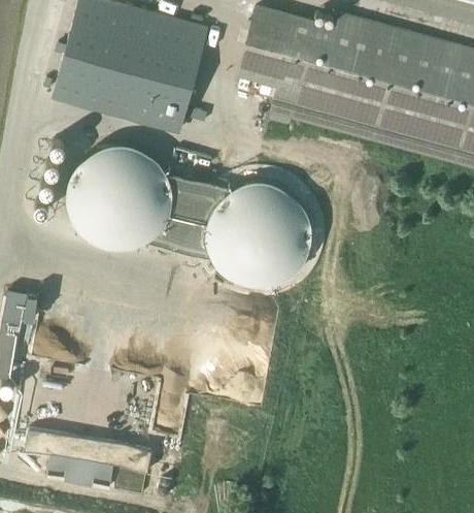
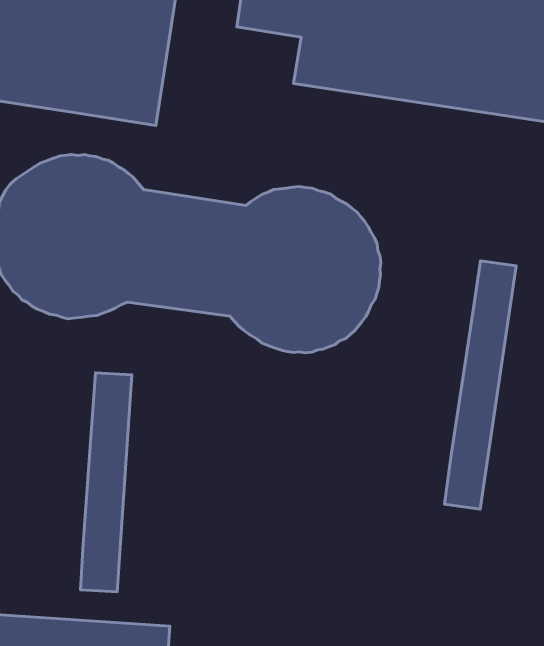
building: none -> [445,261,516,509]
building: none -> [81,373,132,592]

